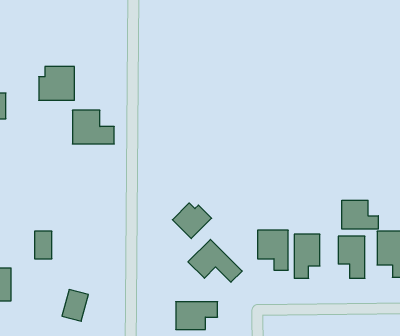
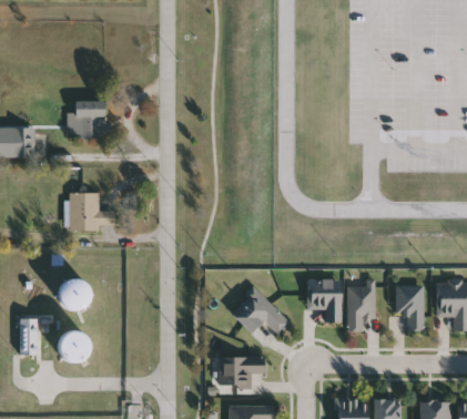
building: [72,110,114,144] -> [72,193,118,229]
building: [342,200,378,229] -> none
building: [172,203,212,239] -> none
building: [62,290,88,321] -> [60,330,89,365]

